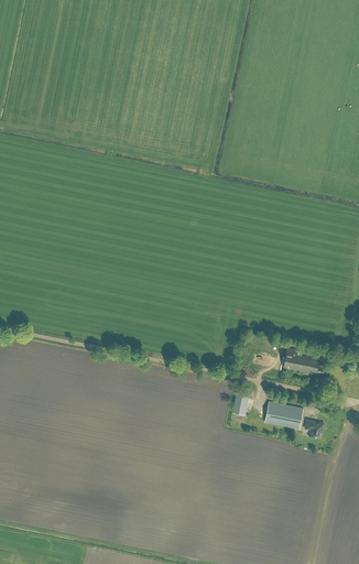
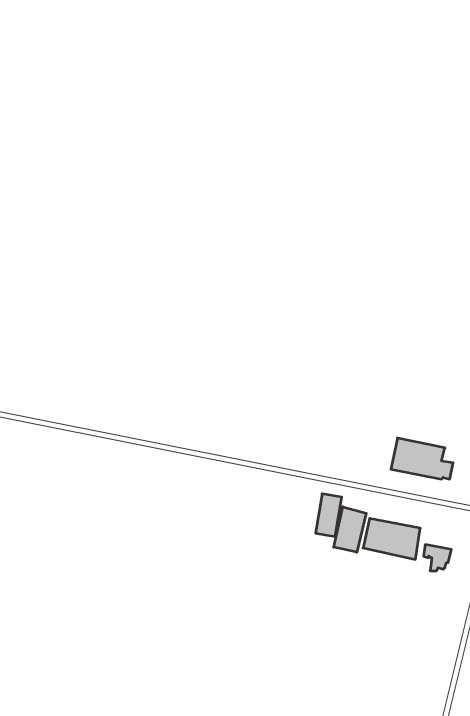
building: none -> [334,507,366,552]

